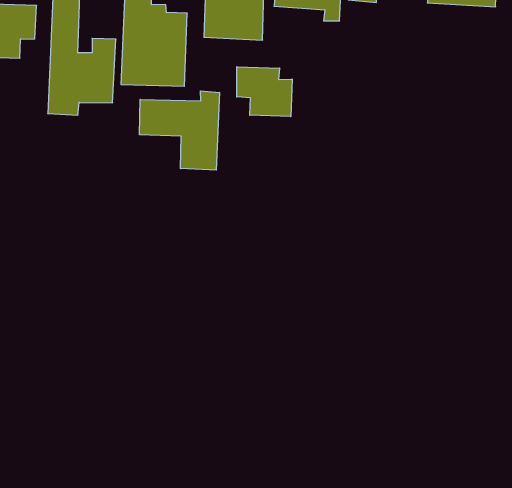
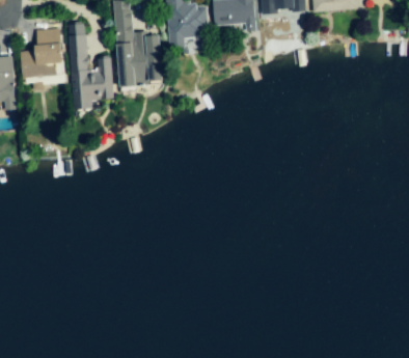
building: [237,67,292,117] -> none
building: [140,91,219,170] -> none

